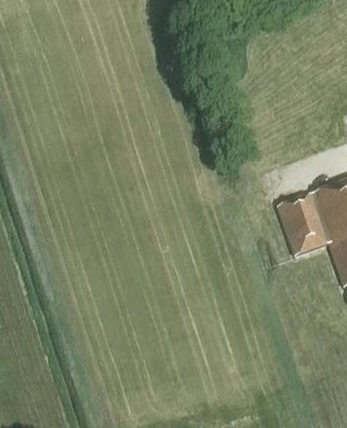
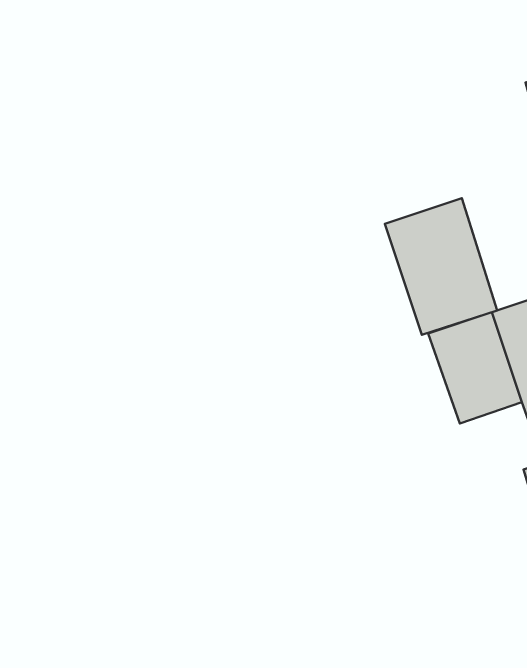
building: none -> [385,198,497,335]

